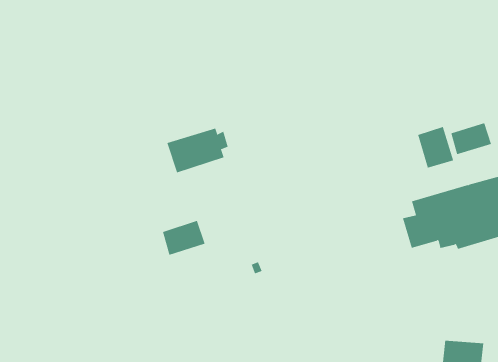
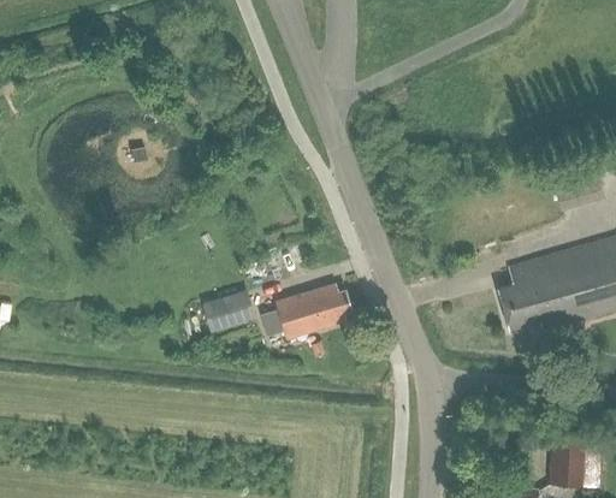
building: [418,126,454,169] -> none
building: [167,128,229,173] -> [274,283,350,338]

